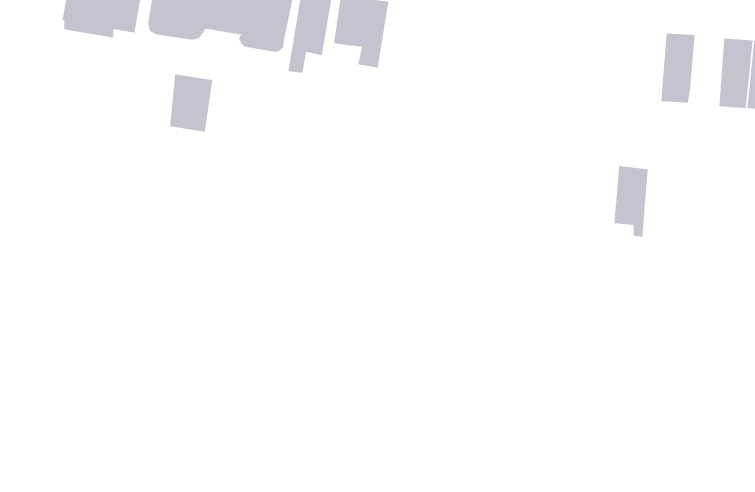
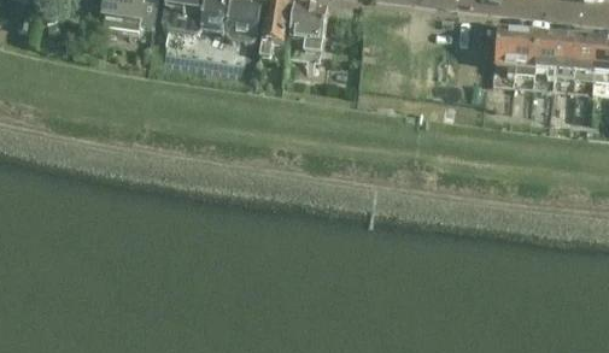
building: none -> [534,28,557,77]
building: [169,74,213,133] -> none
building: [613,166,648,238] -> [493,24,517,73]

